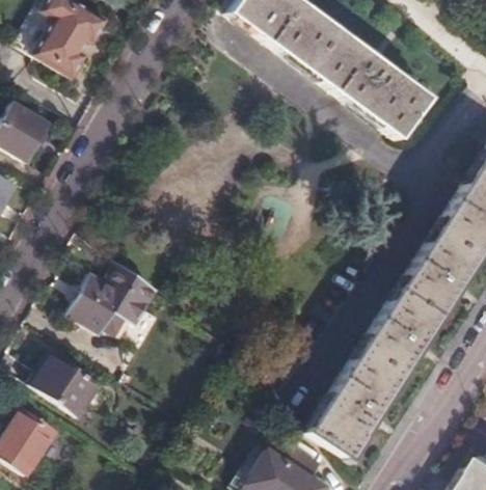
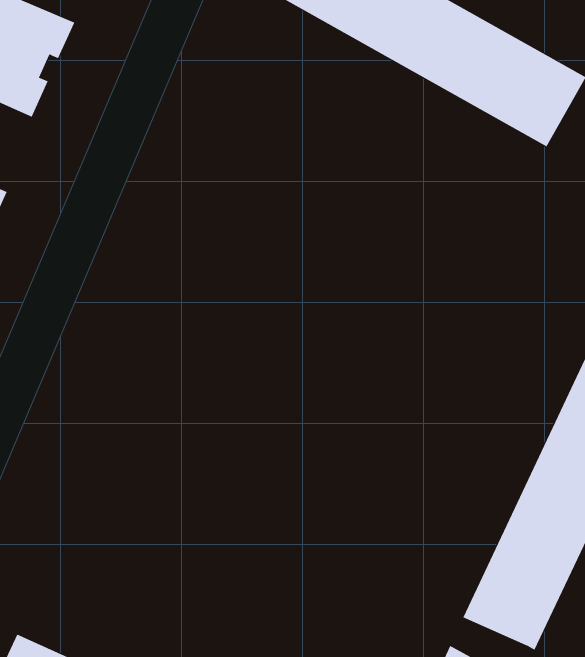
building: [63,262,157,339] -> none
building: [30,351,102,415] -> none

